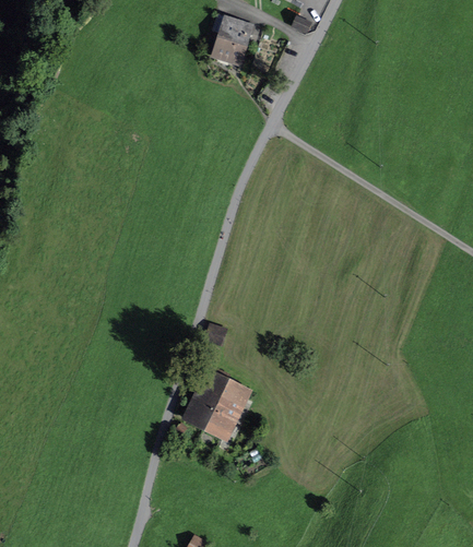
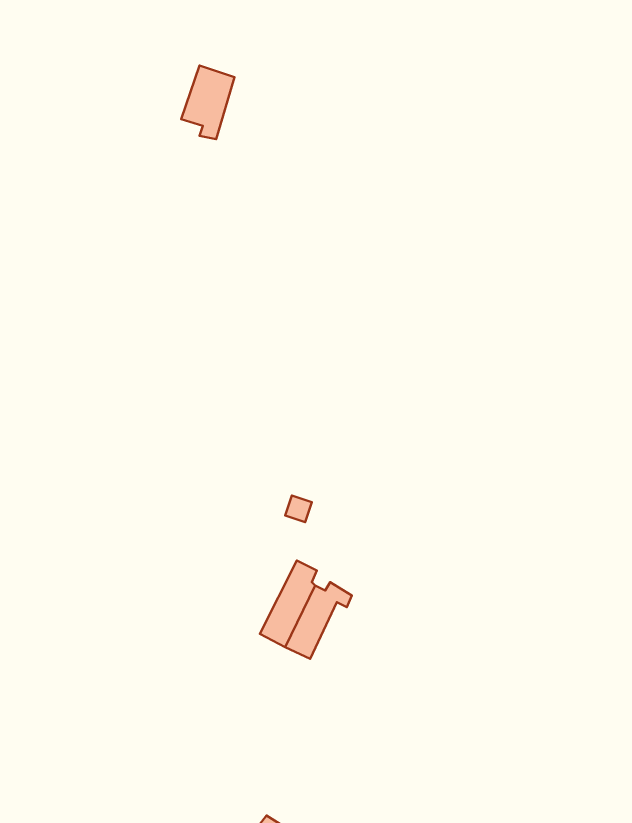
building: [215,19,250,67] -> [181,66,234,139]

